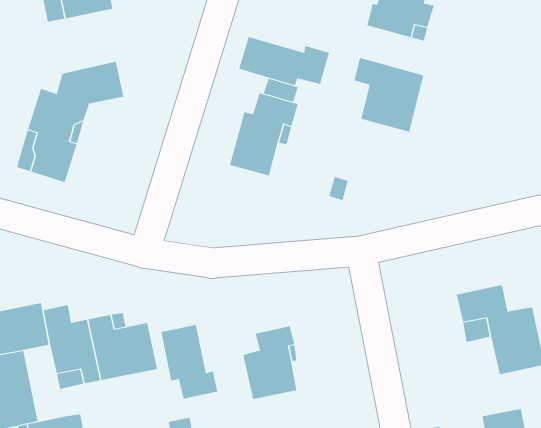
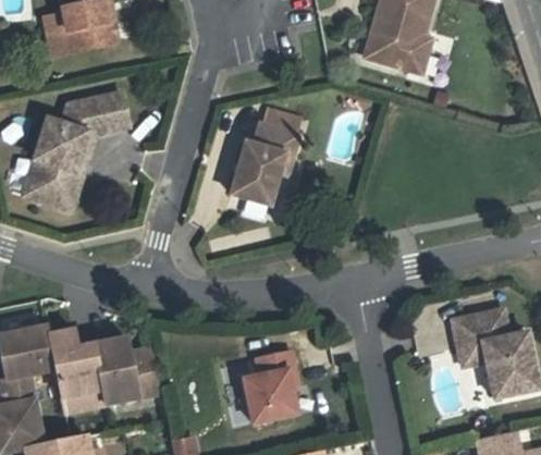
building: [239,36,330,86] -> none
building: [354,57,424,132] -> none
building: [161,324,218,400] -> none

